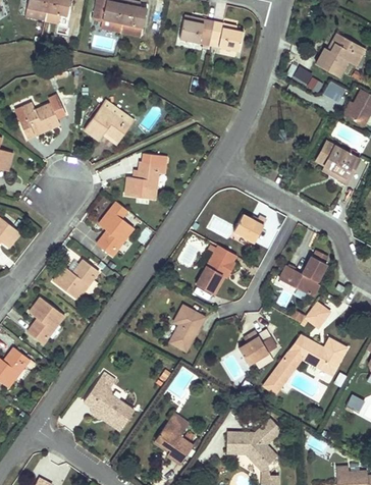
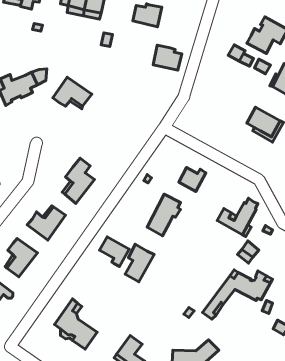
building: [208,21,243,51] -> [153,45,182,70]
building: [124,153,165,199] -> none
building: none -> [100,237,129,266]
building: [238,330,277,364] -> none

